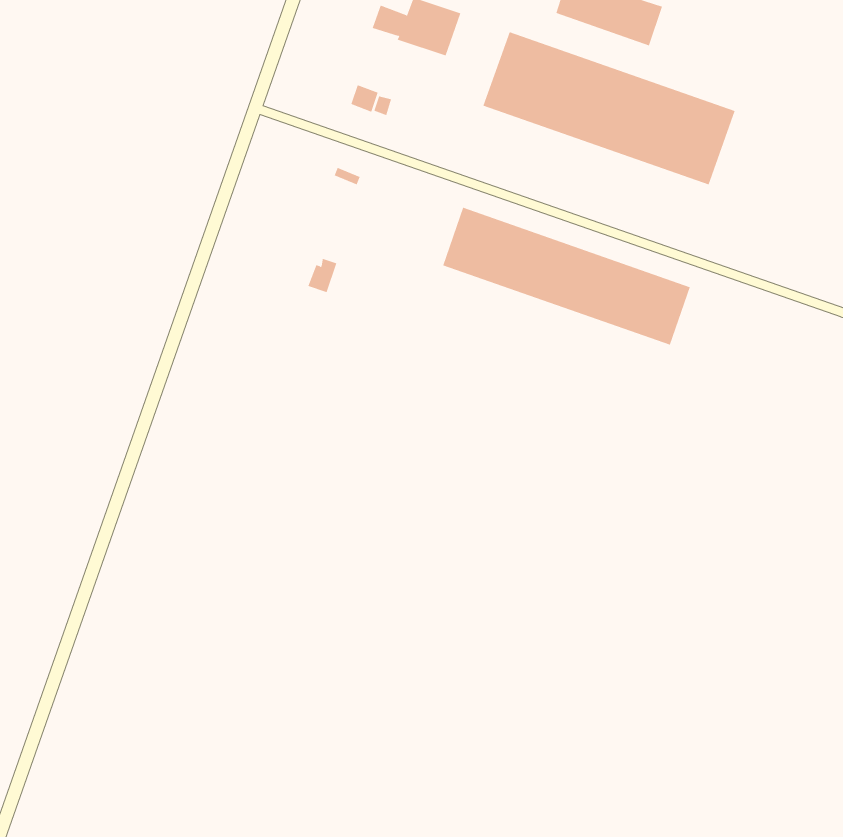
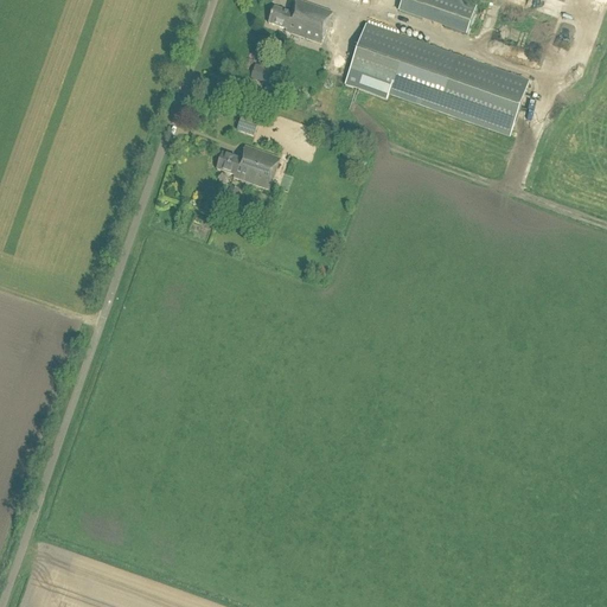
building: none -> [216,143,280,187]
building: [443,207,690,346] -> none

